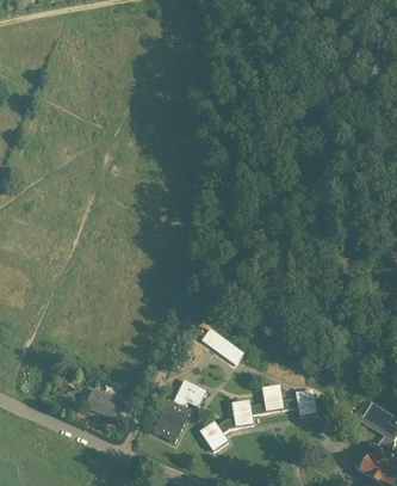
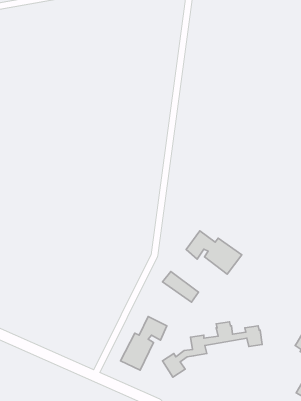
building: none -> [186,231,242,274]
building: [83,388,131,417] -> none

